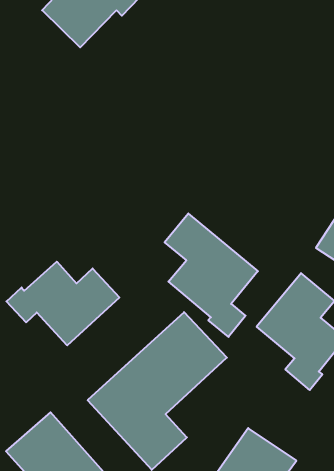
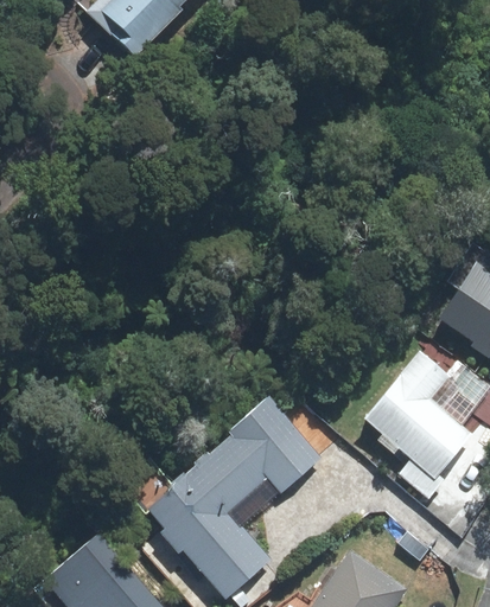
building: [165,213,258,337] -> none
building: [6,262,119,345] -> none

